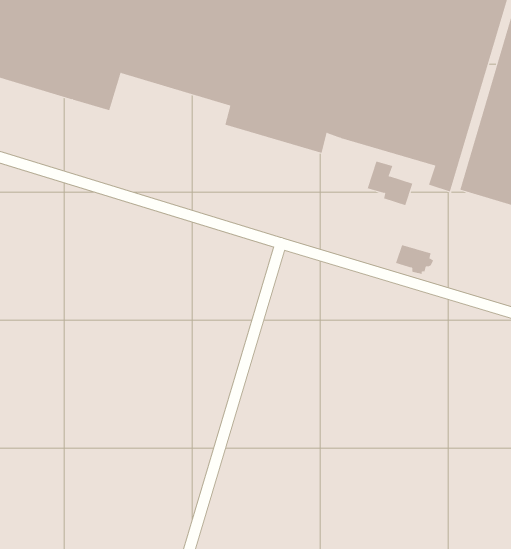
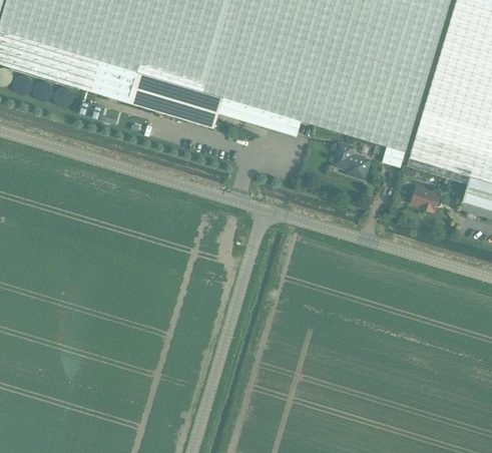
building: none -> [126,71,222,127]
building: [395,244,434,274] -> [411,186,442,210]

